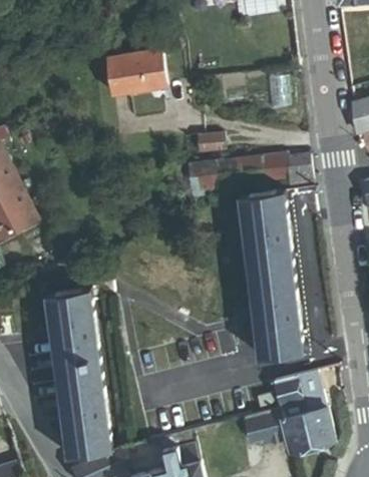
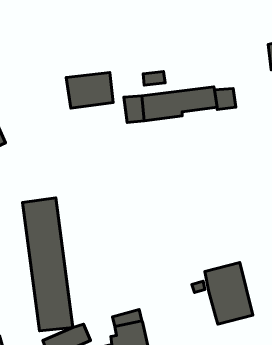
building: [106,50,164,94] -> [66,73,113,108]
building: [242,191,301,357] -> none
building: [244,407,286,444] -> none

